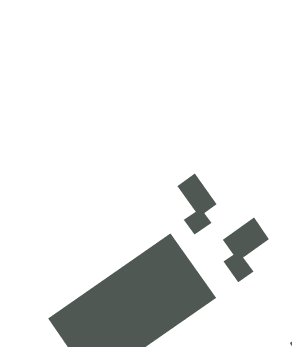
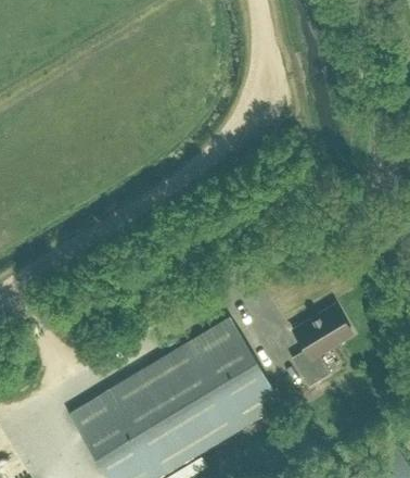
building: [177,172,218,236] -> none

